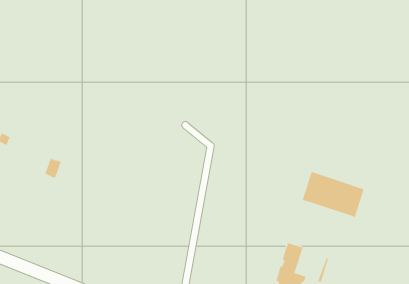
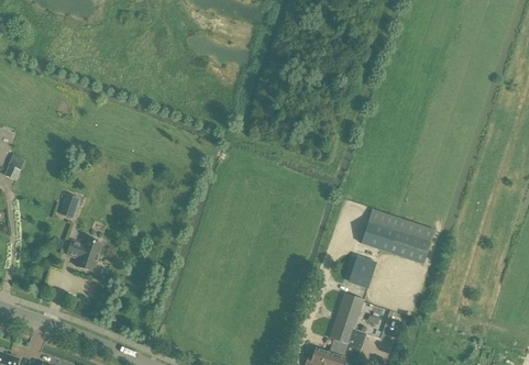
building: none -> [66,237,102,270]
building: none -> [349,255,376,286]

